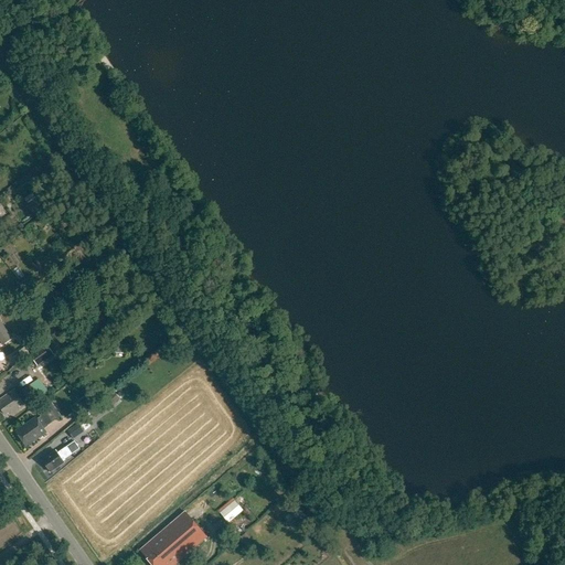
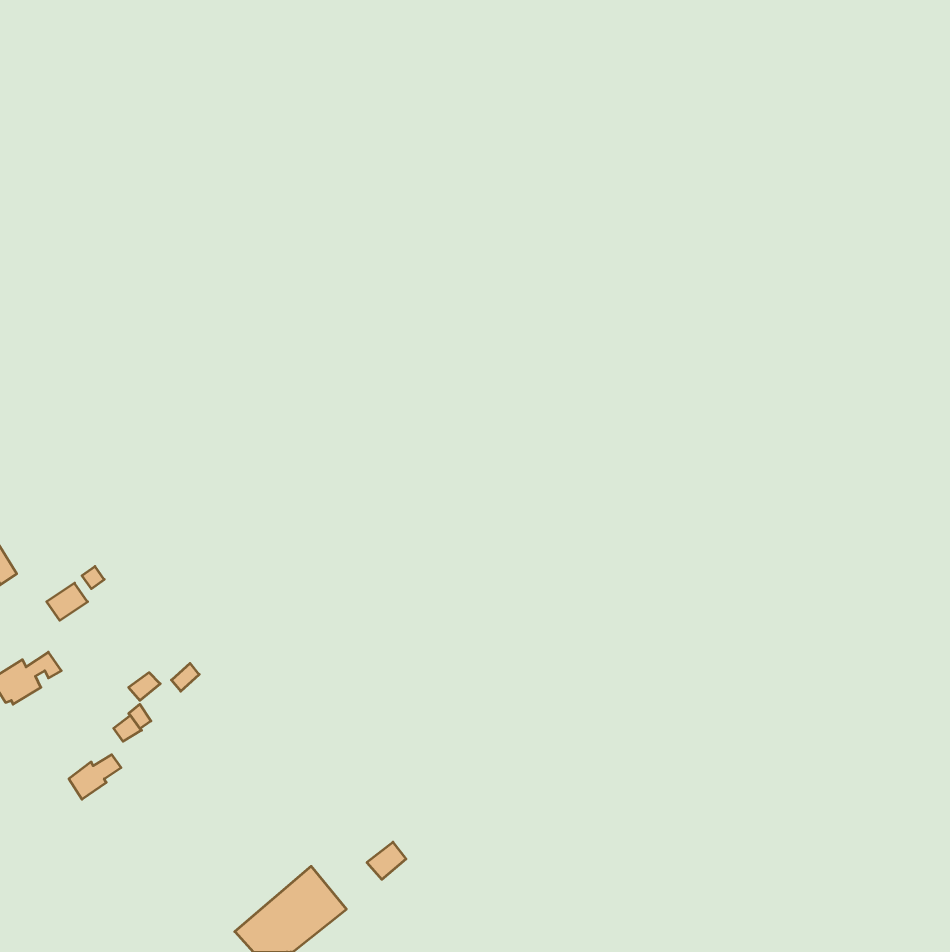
building: [15,401,60,447] -> none

